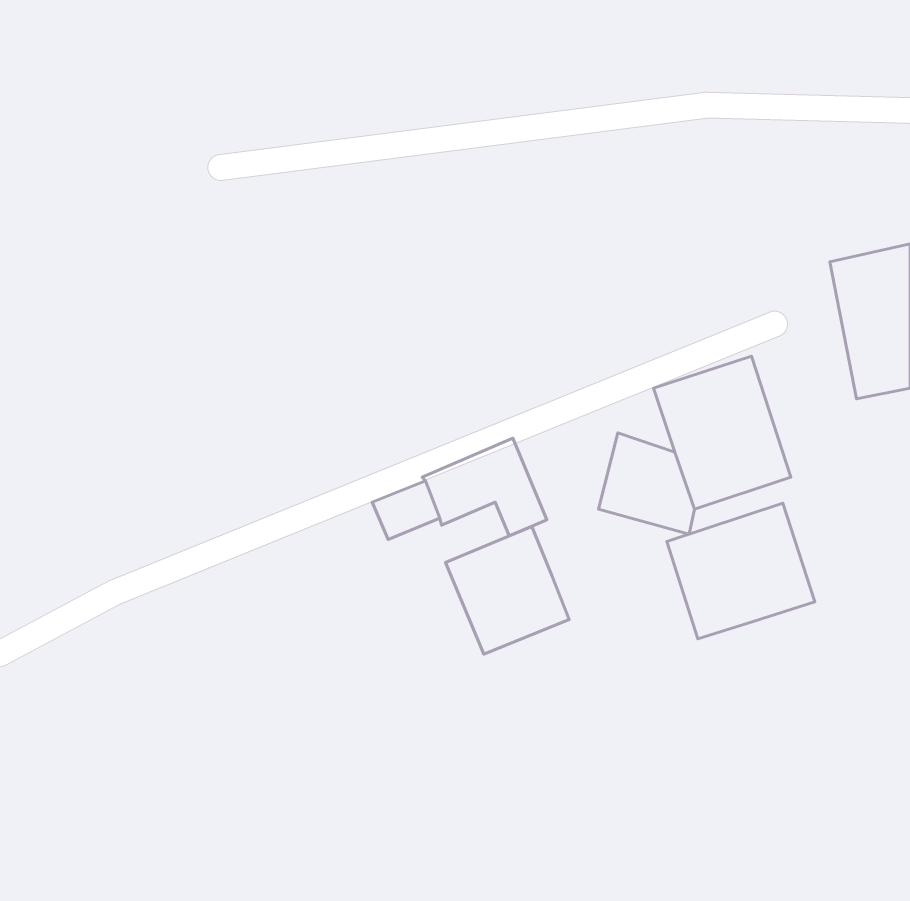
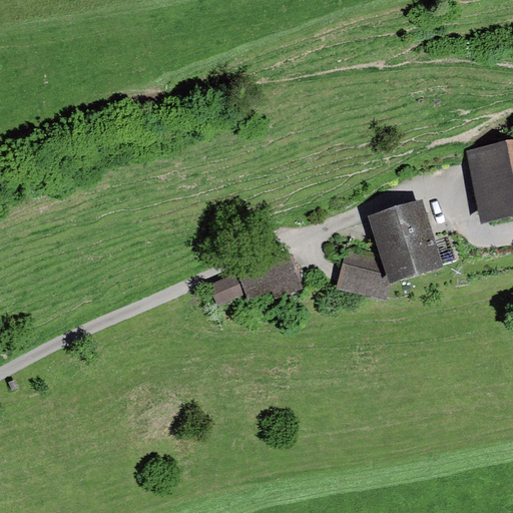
building: [667,503,815,639] -> none
building: [445,527,569,654] -> none

